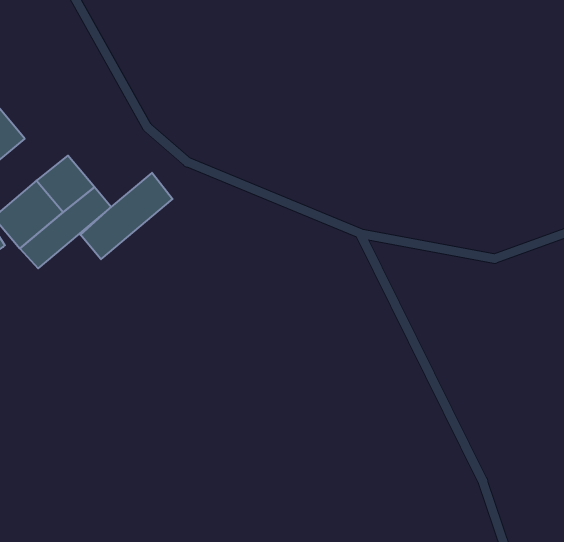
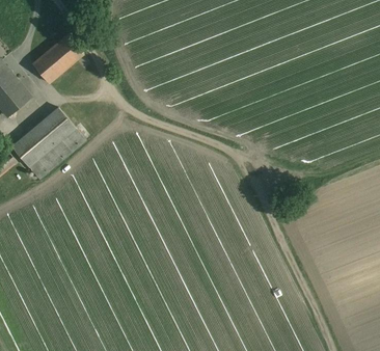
building: none -> [32,34,83,83]
building: [80,173,173,259] -> none

